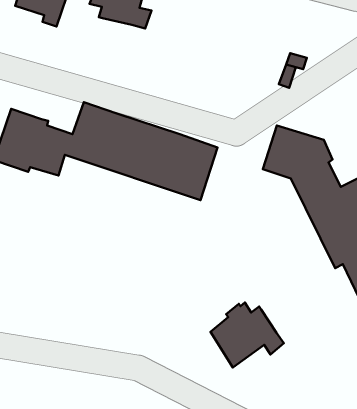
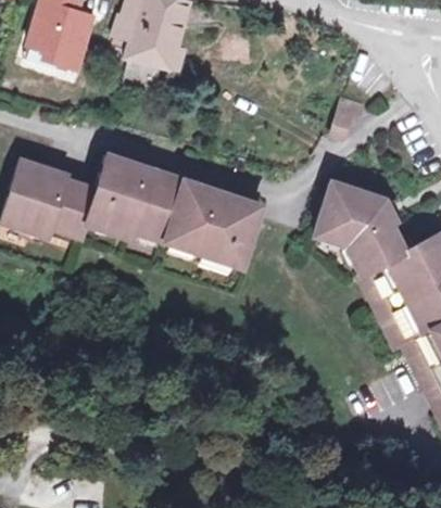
building: none -> [124,55,164,89]
building: [210,303,284,367] -> none

